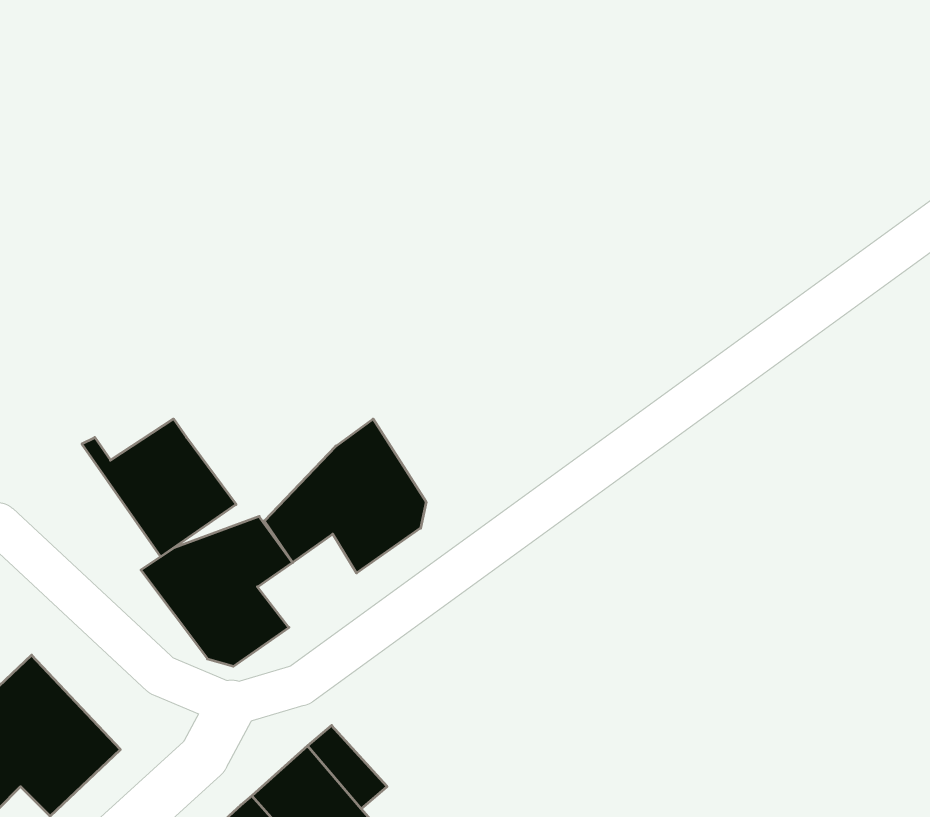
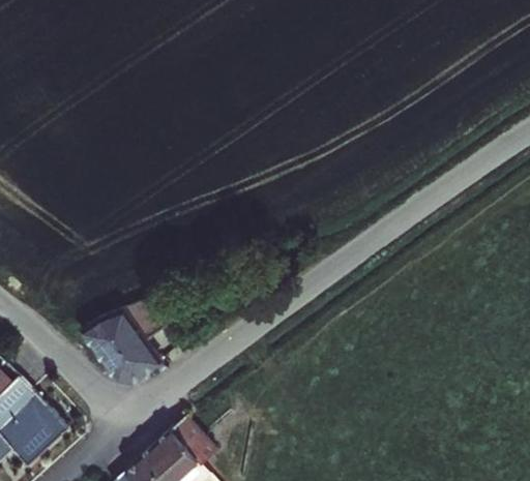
building: [264,419,426,573] -> none
building: [82,419,236,557] -> none

